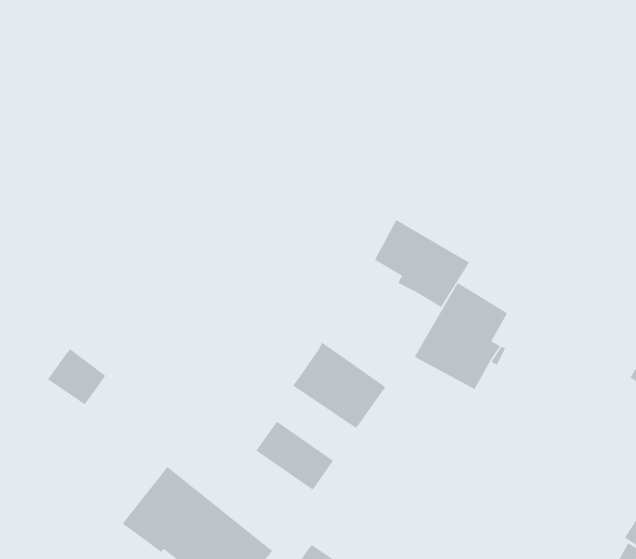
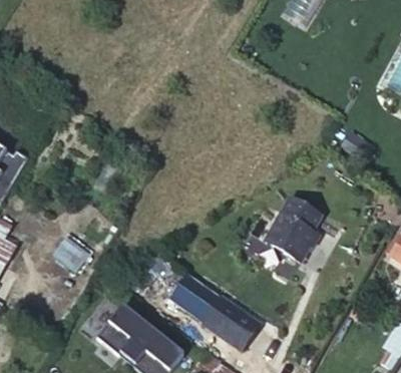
building: [374,219,470,308] -> none
building: [292,342,386,429] -> [204,299,258,349]

